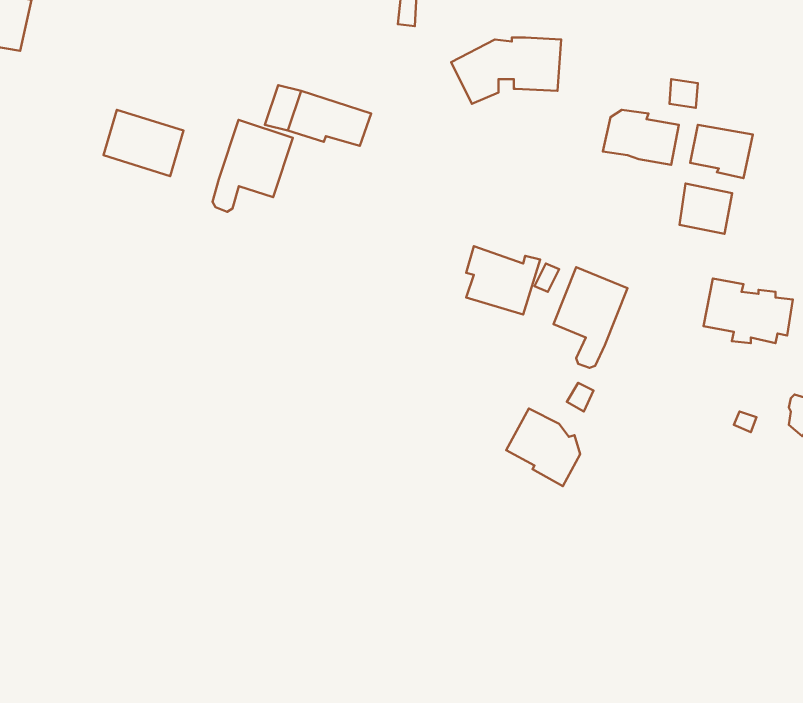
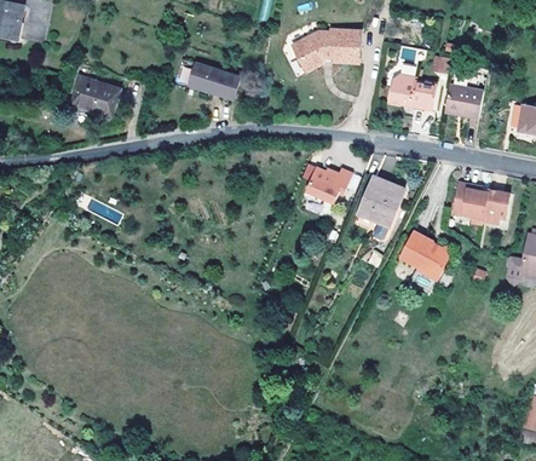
building: [212,120,293,212] -> none
building: [680,184,732,234] -> none
building: [506,409,580,486] -> [399,231,446,281]

